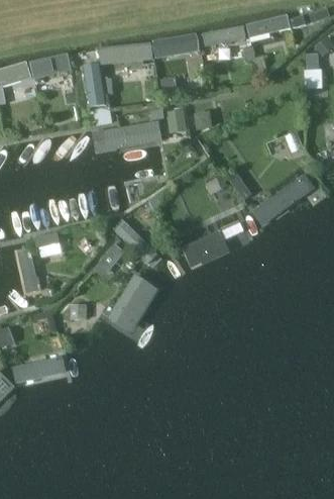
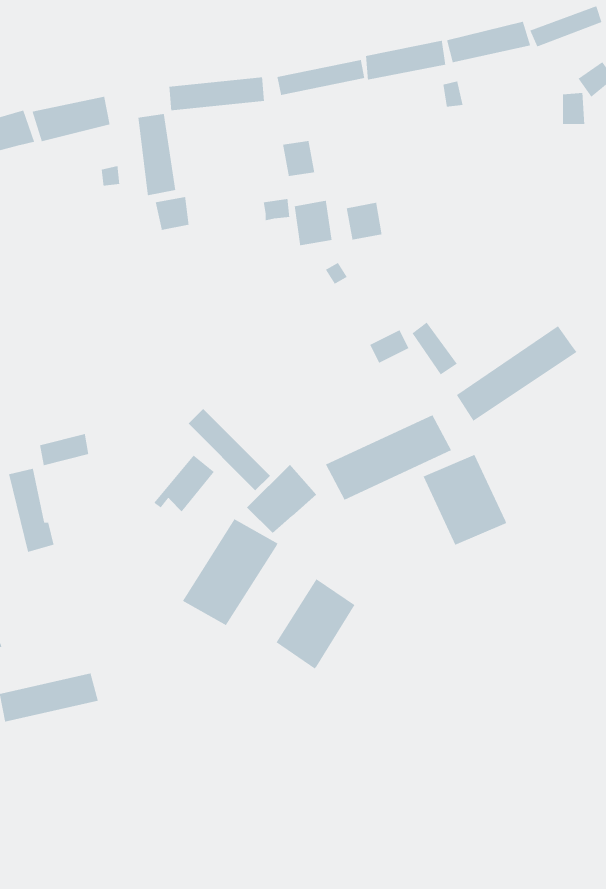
building: [91,124,161,156] -> none
building: none -> [423,454,507,546]
building: none -> [246,464,317,534]
building: none -> [276,578,355,669]

